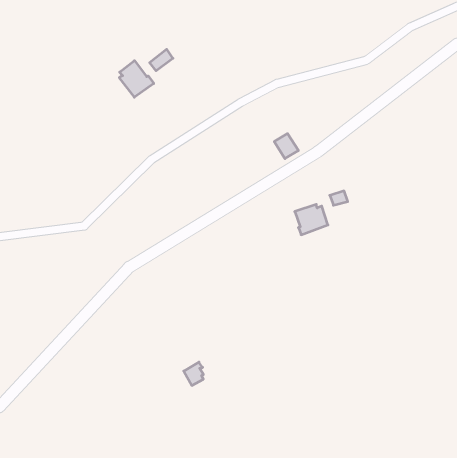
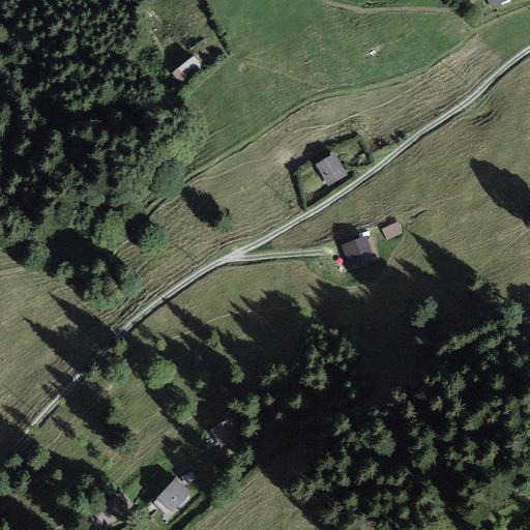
building: [119,61,154,97] -> none
building: none -> [155,479,190,514]

